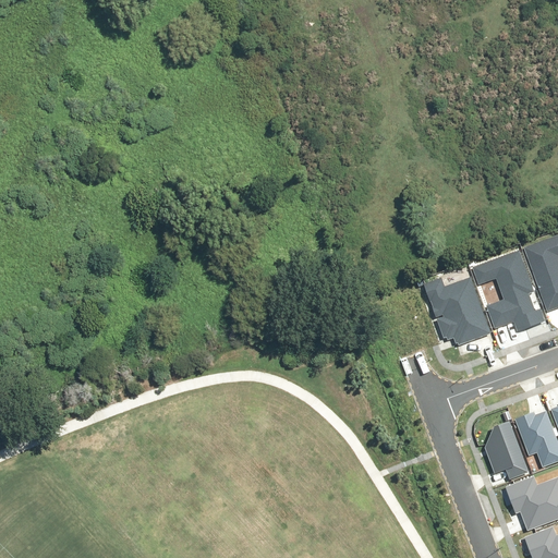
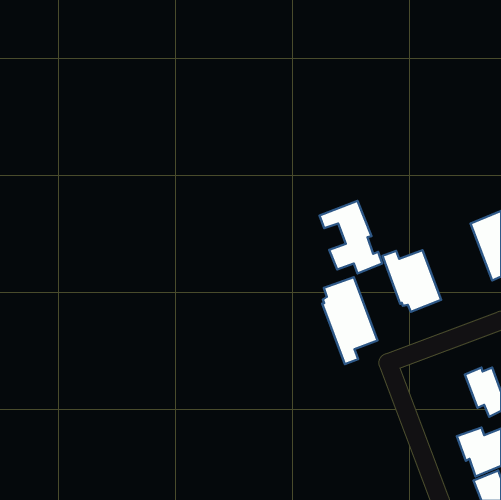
building: [475,253,545,333] -> [319,201,382,273]
building: none -> [322,277,377,364]
building: [486,418,531,476] -> none

